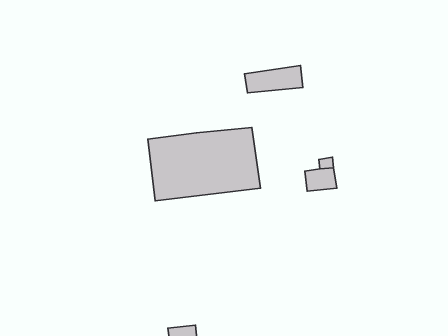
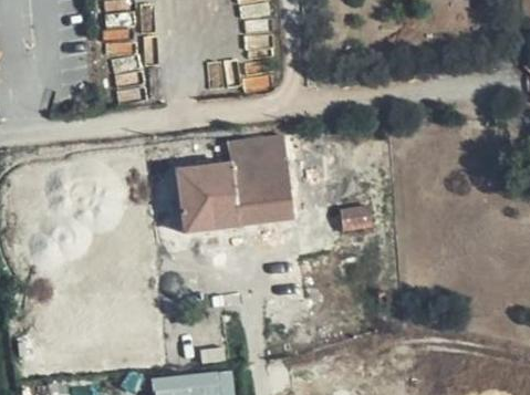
building: [244,65,303,93] -> [224,136,284,165]

